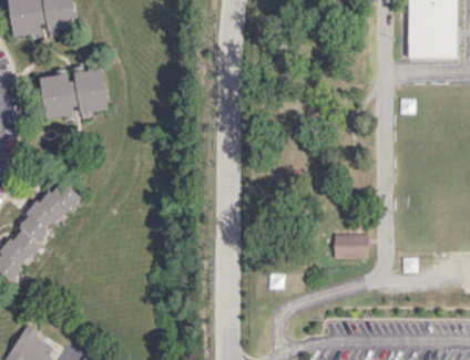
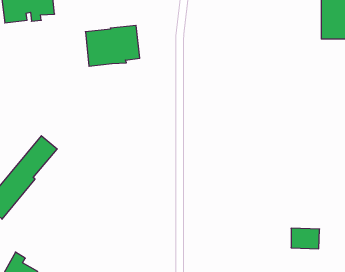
building: [40,69,108,120] -> [85,25,140,66]
building: [334,234,369,259] -> [291,228,320,249]

